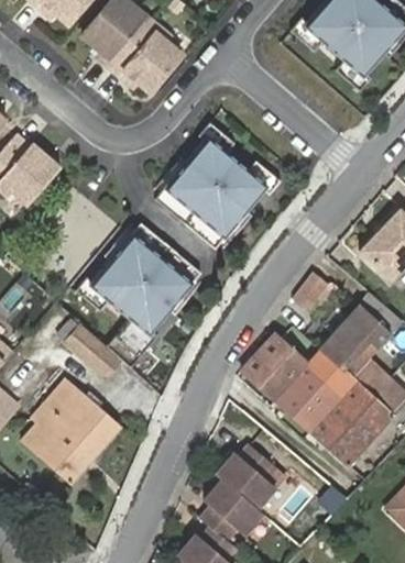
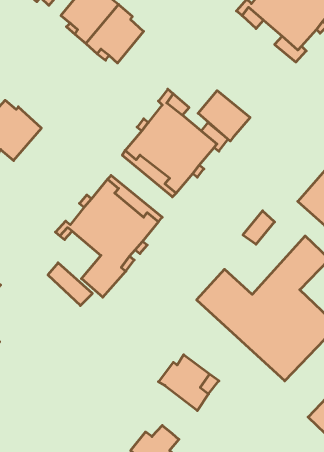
building: none -> [198,91,250,141]
building: [25,385,124,484] -> none
building: [186,472,252,529] -> none

